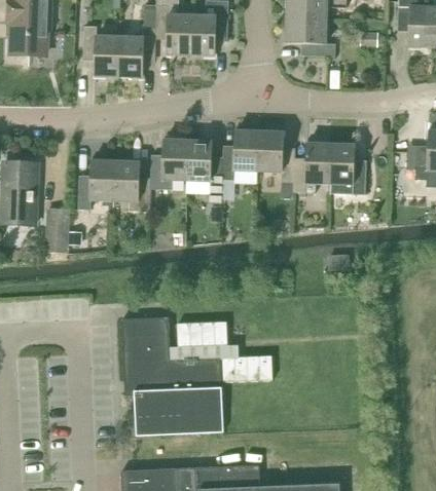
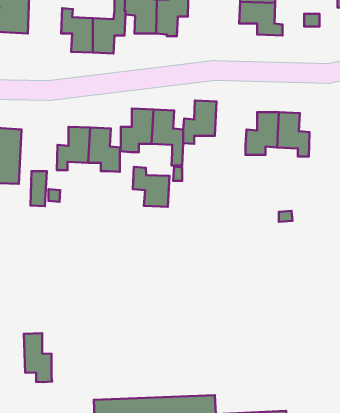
building: [257,131,294,182] -> none
building: none -> [133,167,170,207]
building: [120,317,271,436] -> none
building: none -> [24,333,52,382]

